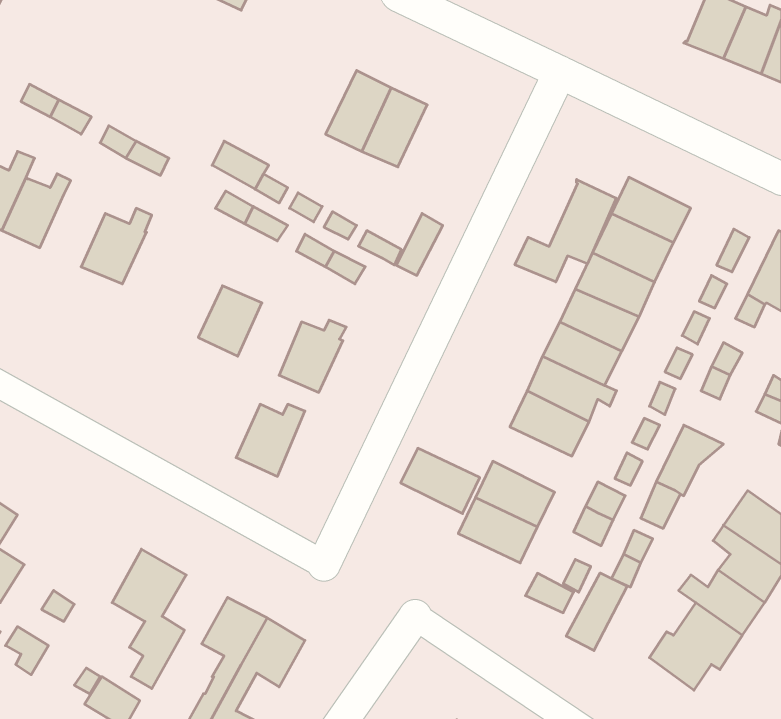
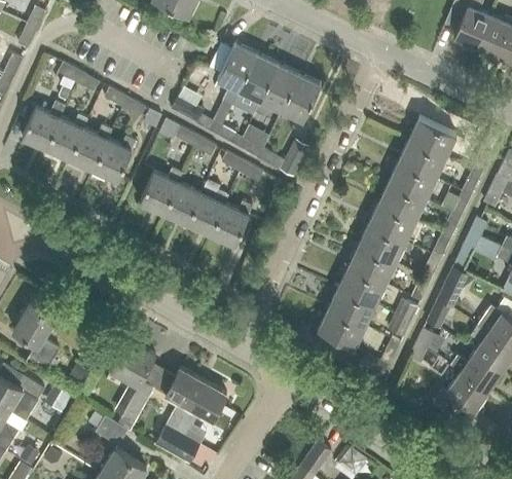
building: none -> [217,43,257,106]
building: none -> [282,74,321,122]
building: [515,179,616,282] -> none
building: none -> [68,125,111,171]
building: none -> [139,170,180,213]
building: [236,404,305,476] -> [186,192,227,235]
building: [401,448,480,514] -> [338,266,386,305]
building: [566,573,627,651] -> none

